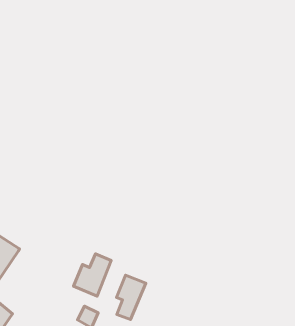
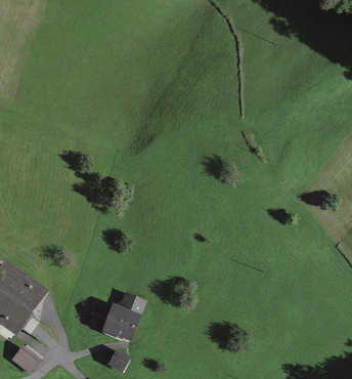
building: [116,275,146,320] -> none

